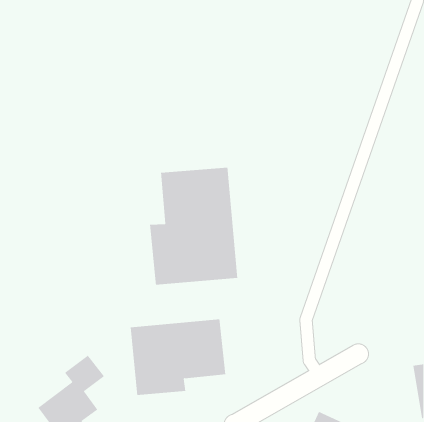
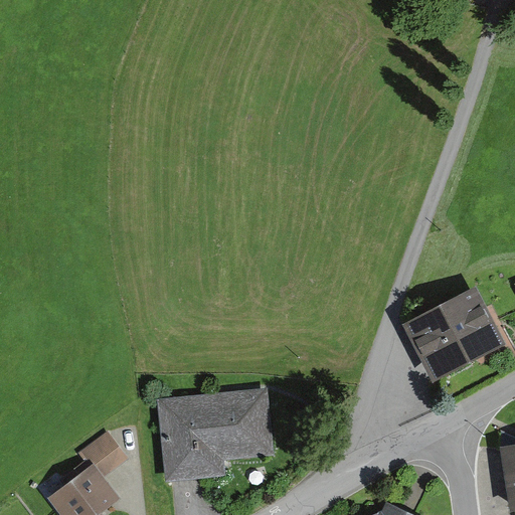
building: [150,167,238,286] -> none
building: none -> [402,285,505,380]

